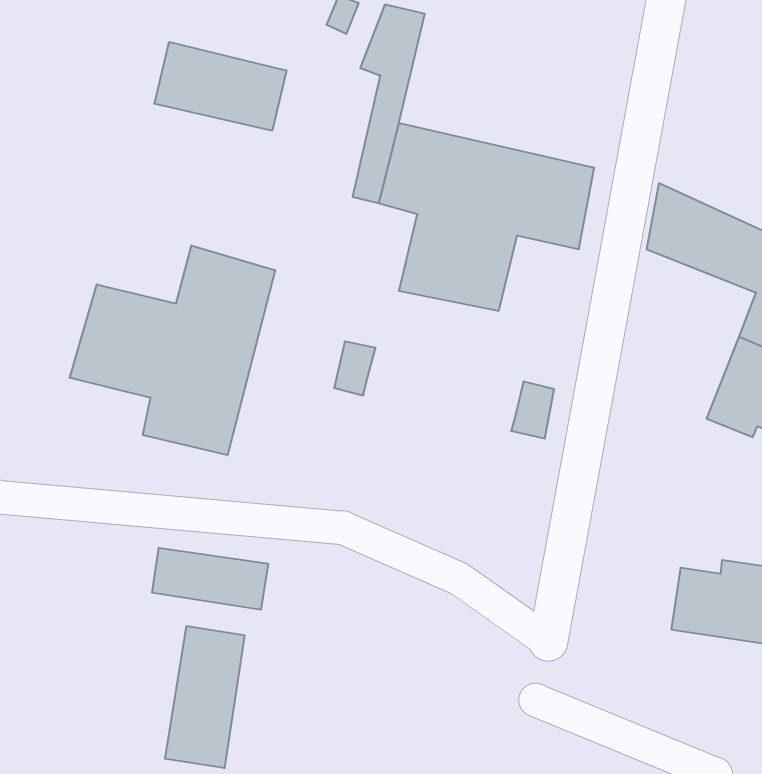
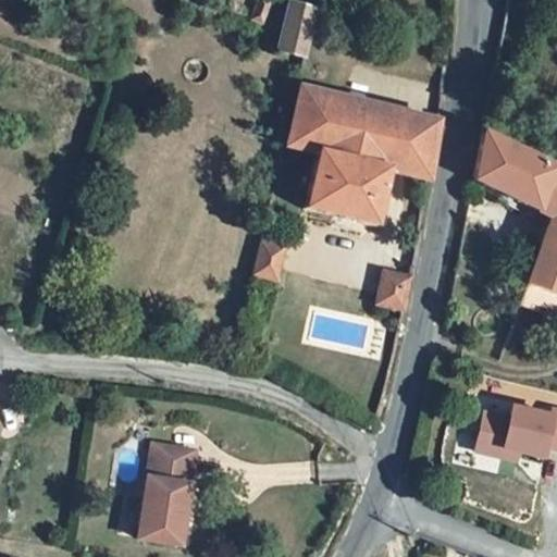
building: [154,42,286,131] -> none
building: [70,245,275,455] -> none
building: [152,548,268,610] -> none

